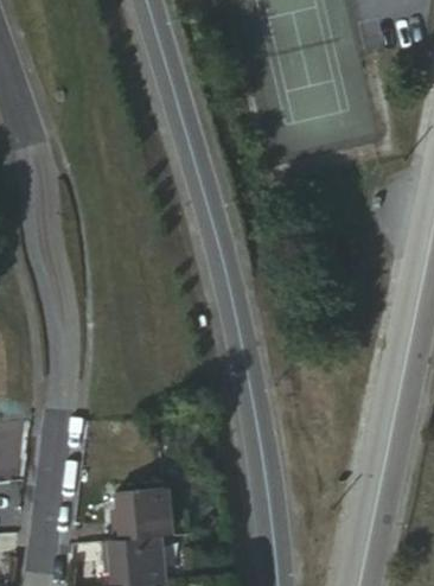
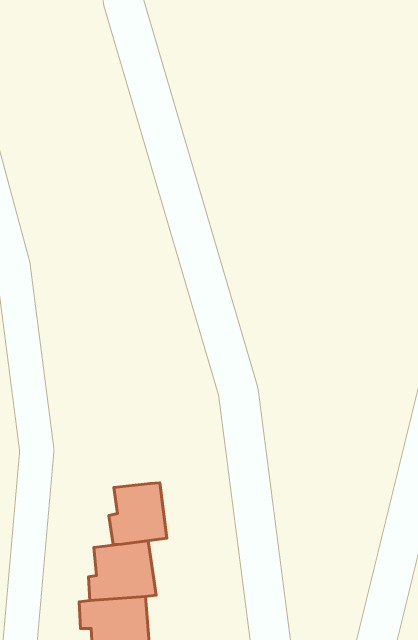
building: none -> [109,483,167,545]

